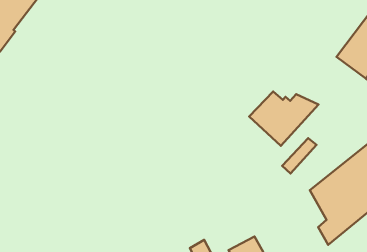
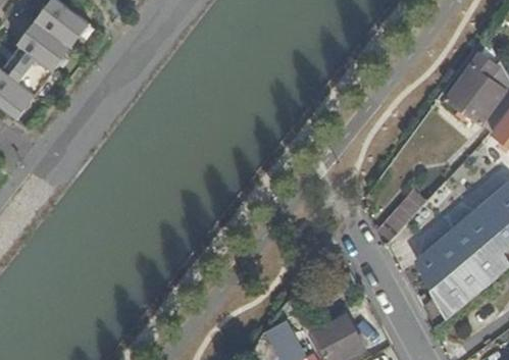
building: [249,91,318,146] -> none

